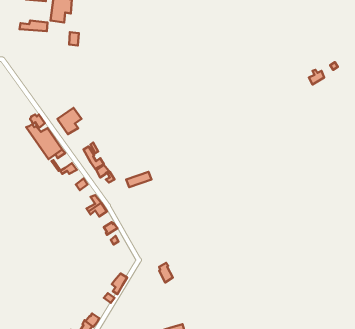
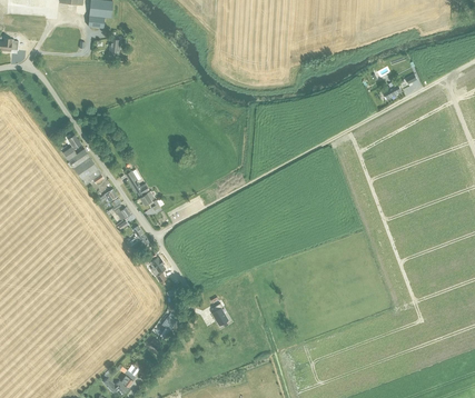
building: [58,108,81,134] -> none

